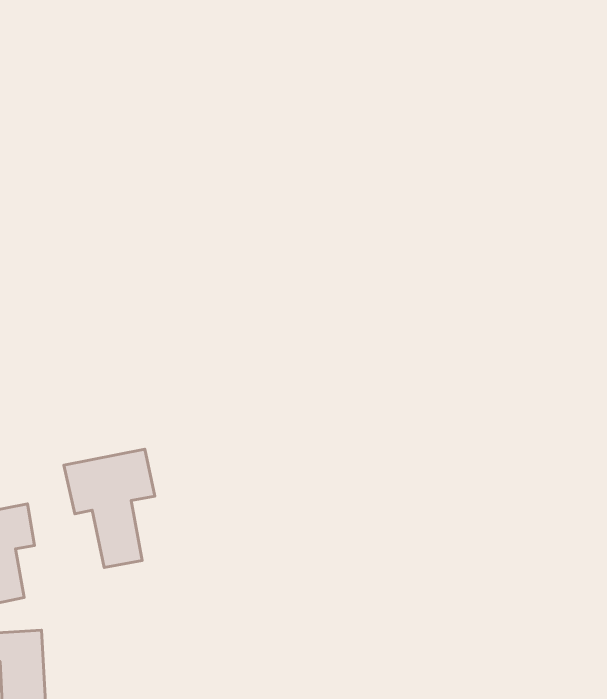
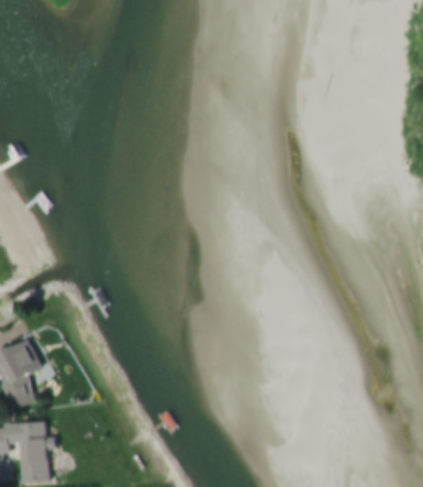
building: [64,449,155,567] -> none

